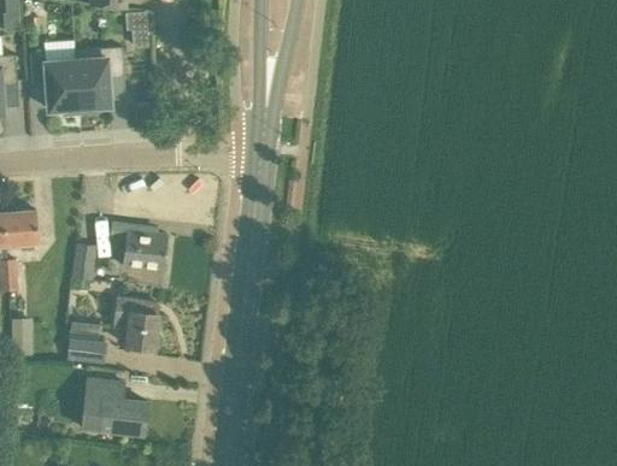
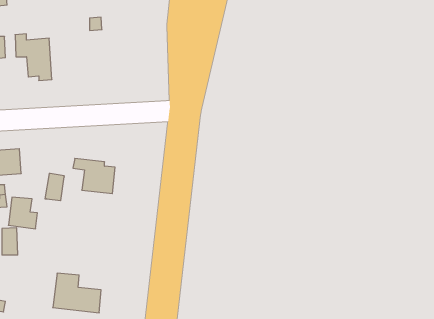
building: [75,46,124,113] -> none
building: [112,296,160,348] -> none
building: [65,320,105,364] -> [8,197,37,229]

